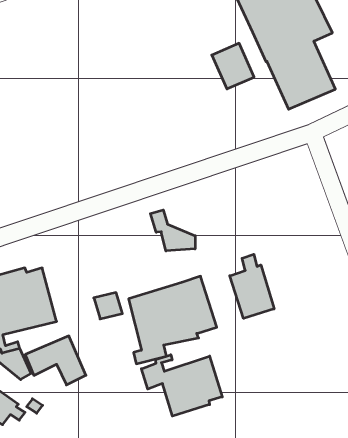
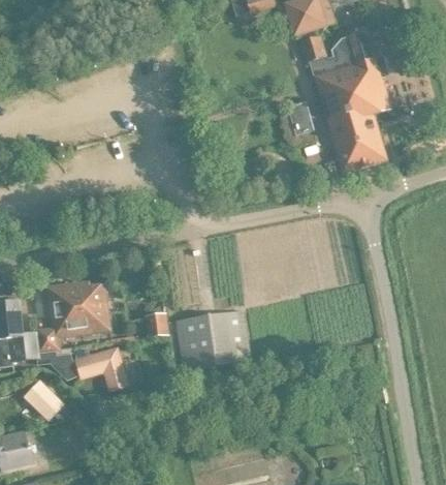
building: [150,210,195,251] -> none
building: [230,254,274,318] -> none
building: [141,355,222,416] -> none

